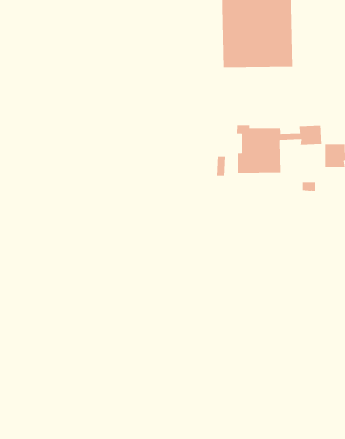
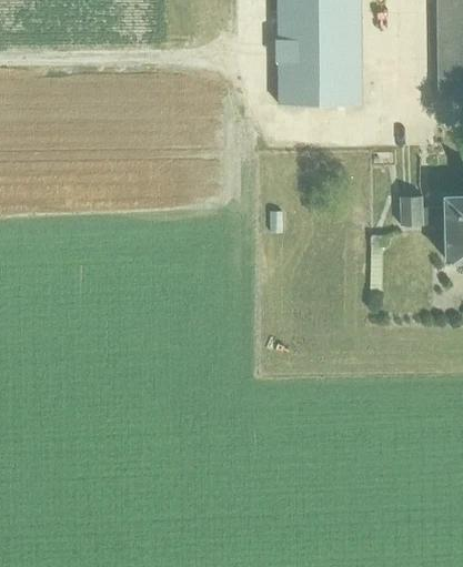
building: [236,124,322,174] -> none

